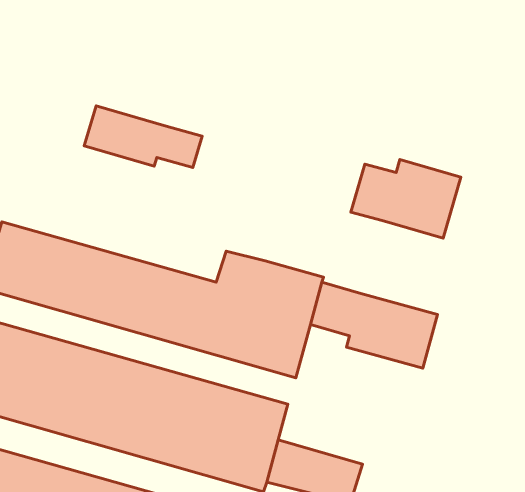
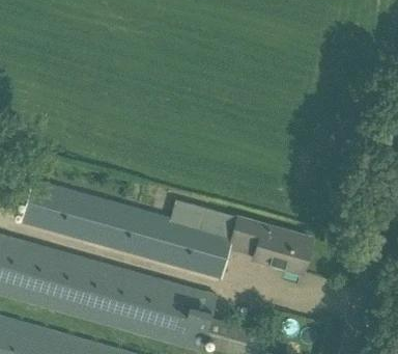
building: [84,106,202,168] -> none
building: [351,160,461,238] -> none

